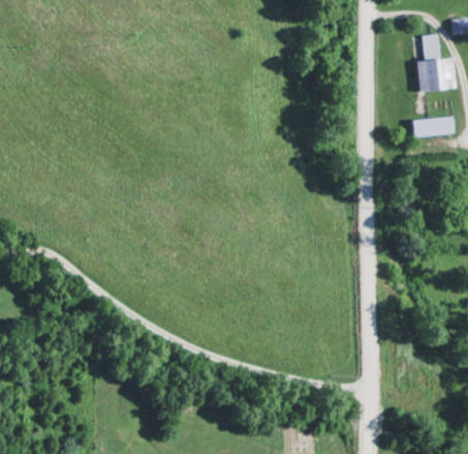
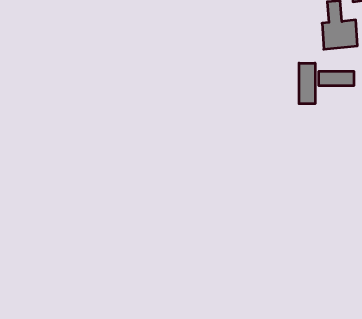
building: none -> [299,63,315,104]

